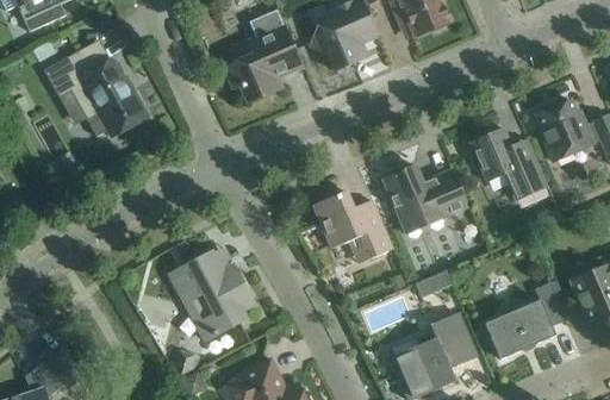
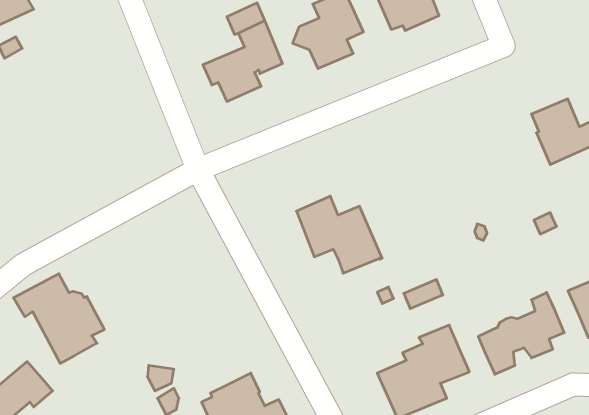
building: [43,40,148,136] -> none
building: [469,127,548,199] -> none
building: [382,164,469,233] -> none
building: [168,251,254,336] -> [13,274,104,363]

